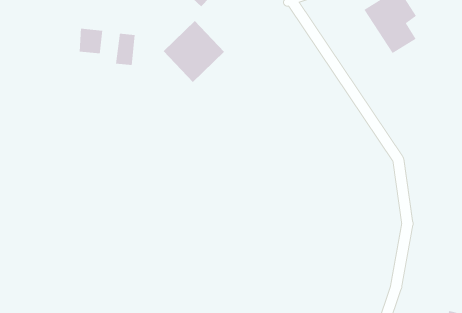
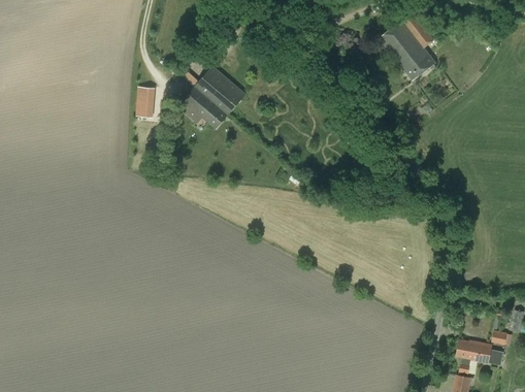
building: [79,28,103,54] -> none

